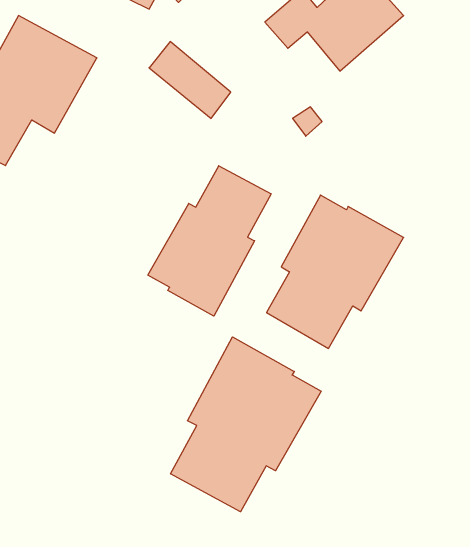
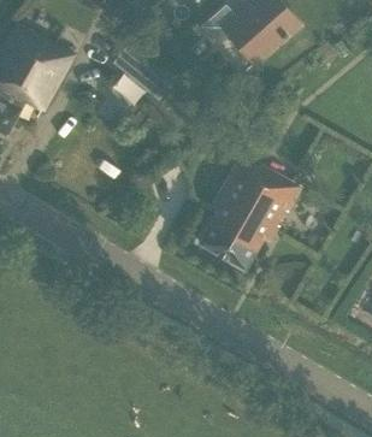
building: [148,166,271,316] -> none
building: [171,337,321,512] -> none

